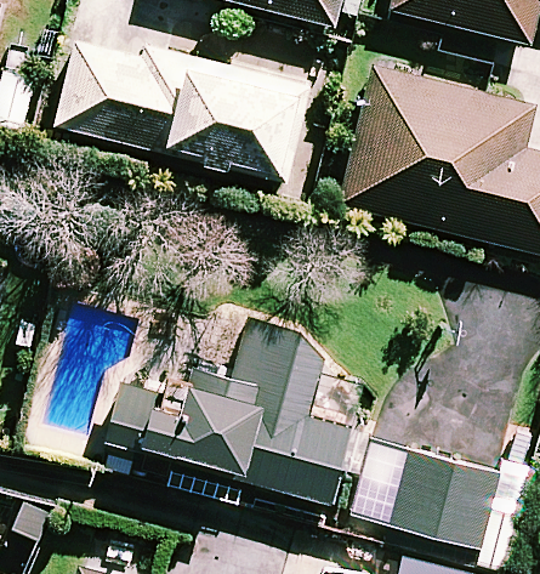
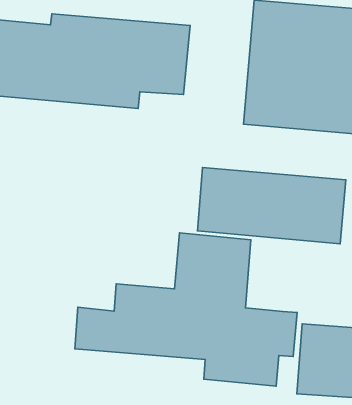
building: none -> [197,168,346,244]

